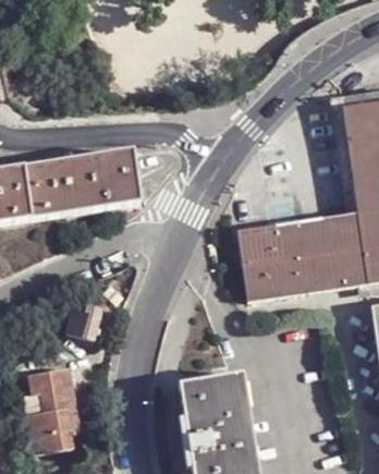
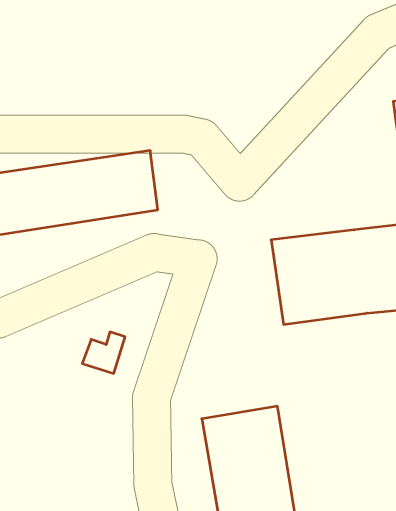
building: [26,368,77,452] -> none

